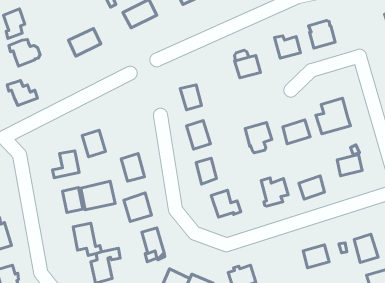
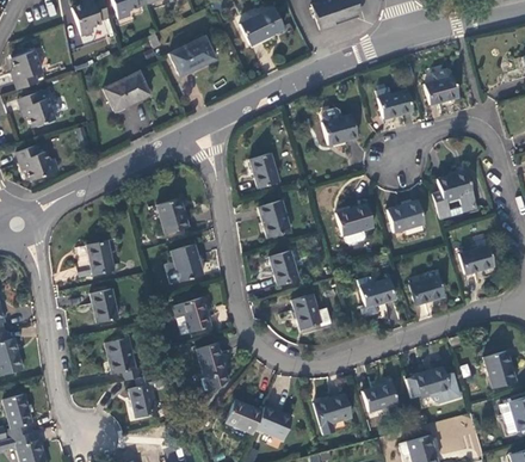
building: [82,130,105,157] -> [156,197,187,233]
building: [81,181,115,210] -> none
building: none -> [363,381,399,409]

